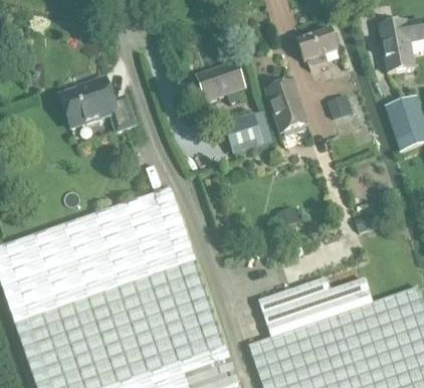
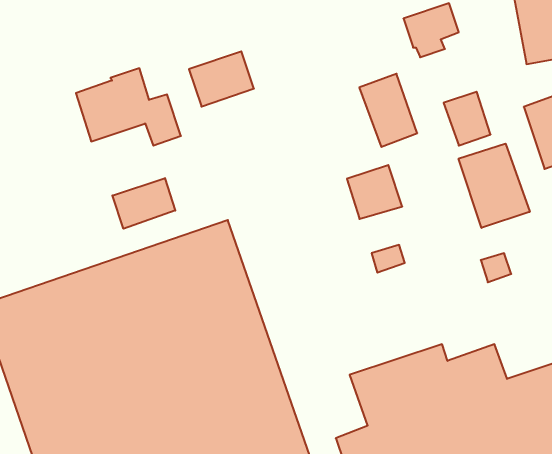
building: [197,62,244,103] -> [189,51,254,107]
building: [228,112,268,151] -> [347,165,402,219]
building: none -> [459,144,530,228]
building: none -> [112,178,175,229]

